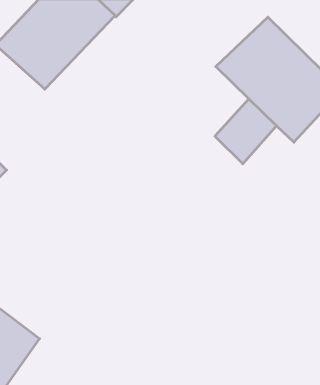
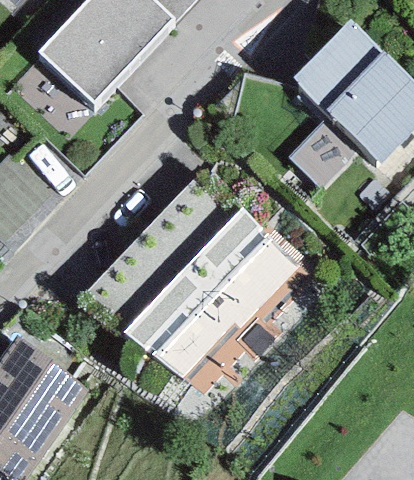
building: none -> [123,208,300,377]

